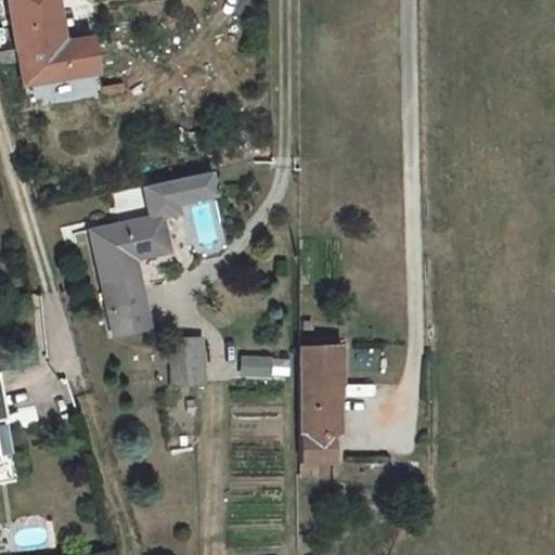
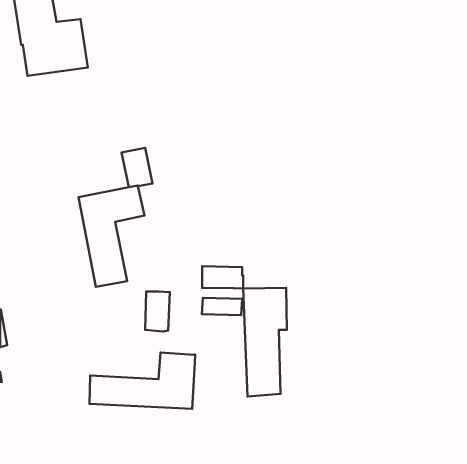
building: [172,167,219,208] -> none
building: none -> [202,266,243,289]
building: none -> [89,352,195,409]

